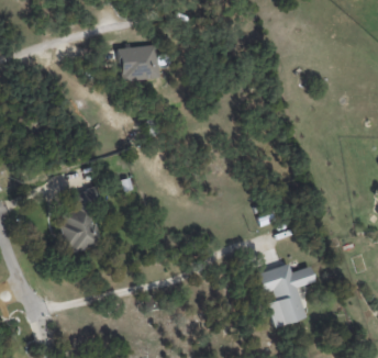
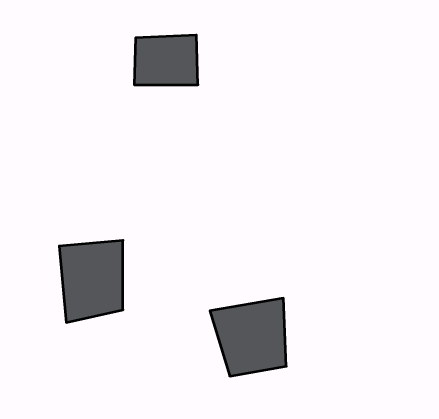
building: [253,267,312,327] -> [210,298,286,376]

